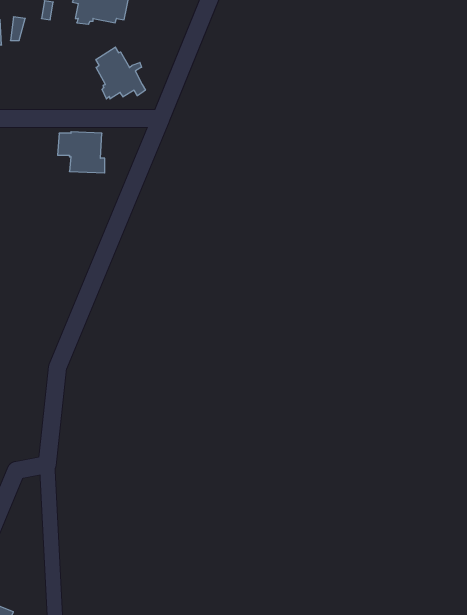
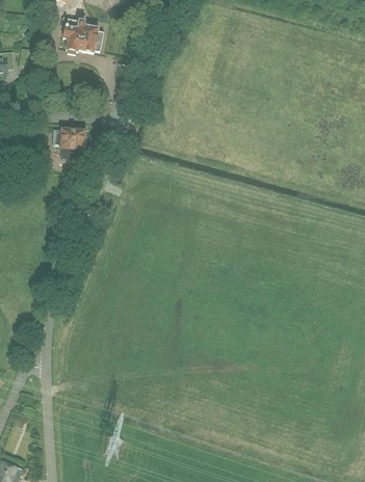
building: [96,47,145,99] -> none

